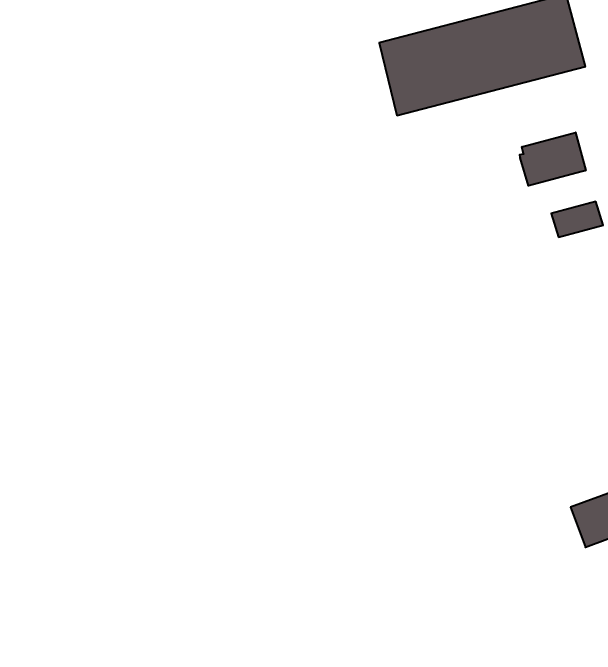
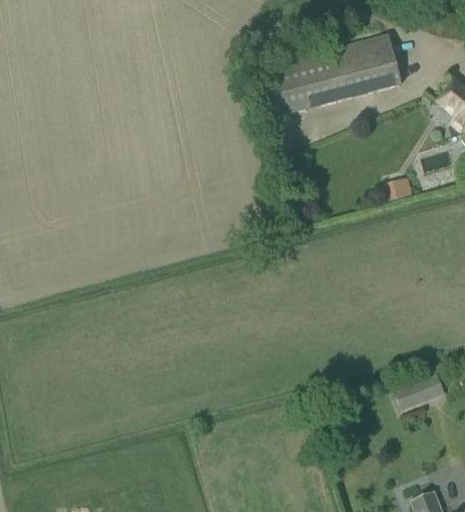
building: [520,132,586,186] -> none

